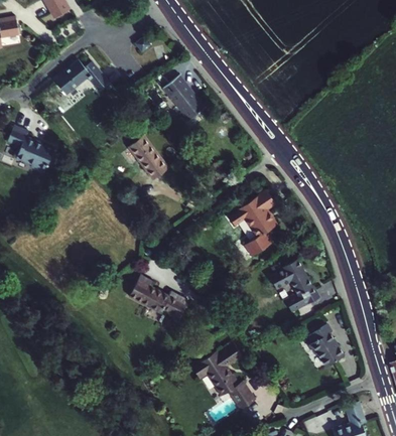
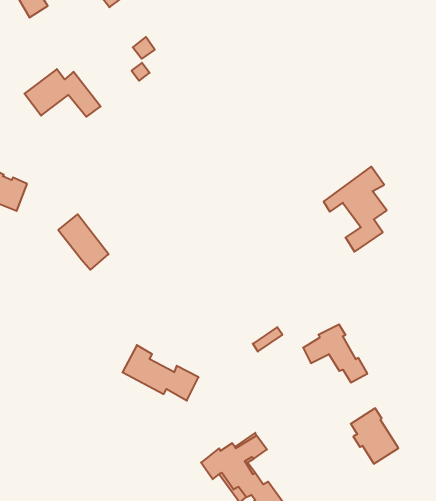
building: [162,76,205,121] -> none
building: [128,135,167,178] -> [58,214,109,270]
building: [228,188,277,255] -> [324,167,387,252]

